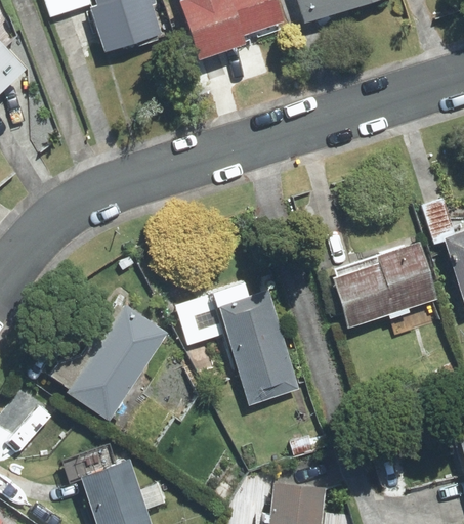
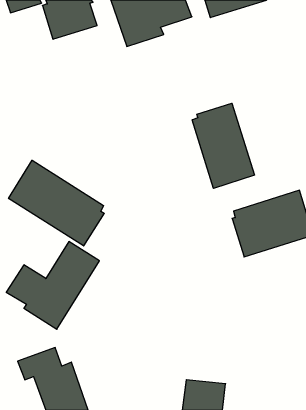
building: none -> [192,103,254,188]
building: none -> [9,160,104,246]
building: [175,276,299,404] -> none

